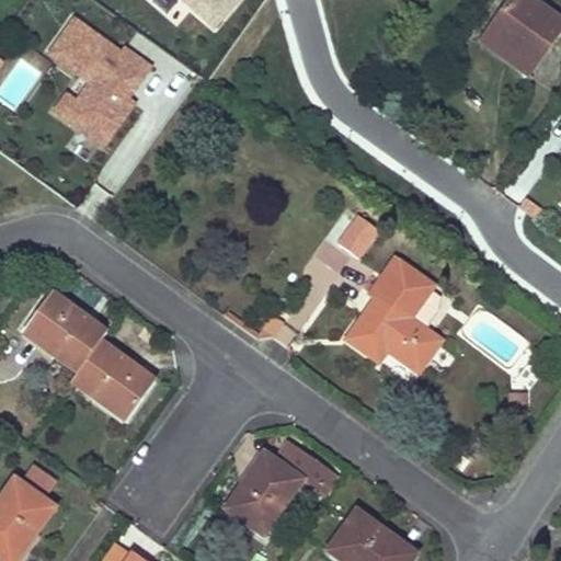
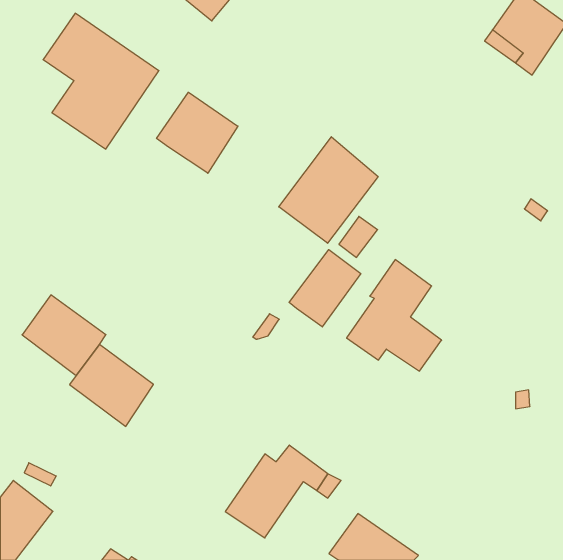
building: none -> [157,92,238,173]
building: none -> [279,137,378,243]
building: none -> [289,250,361,327]

